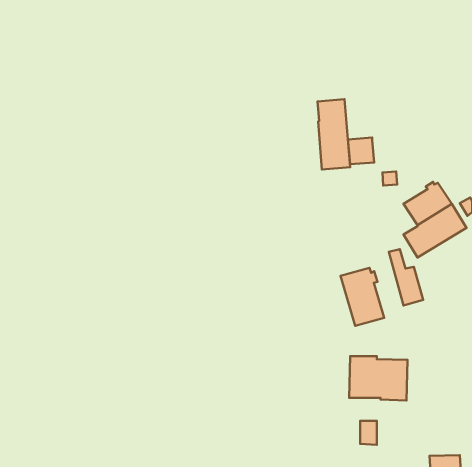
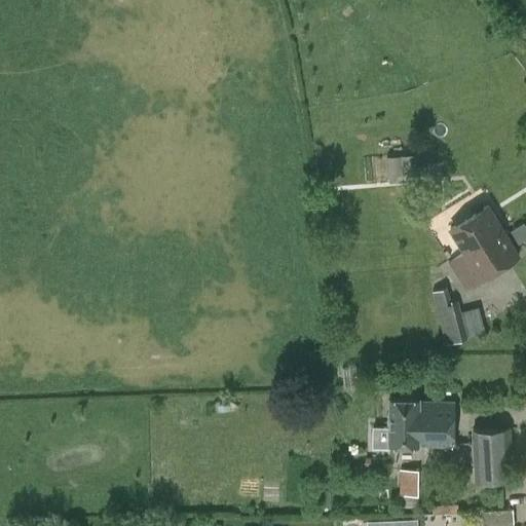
building: [317,99,350,169] -> none
building: [340,268,384,326] -> none
building: none -> [472,430,511,483]

